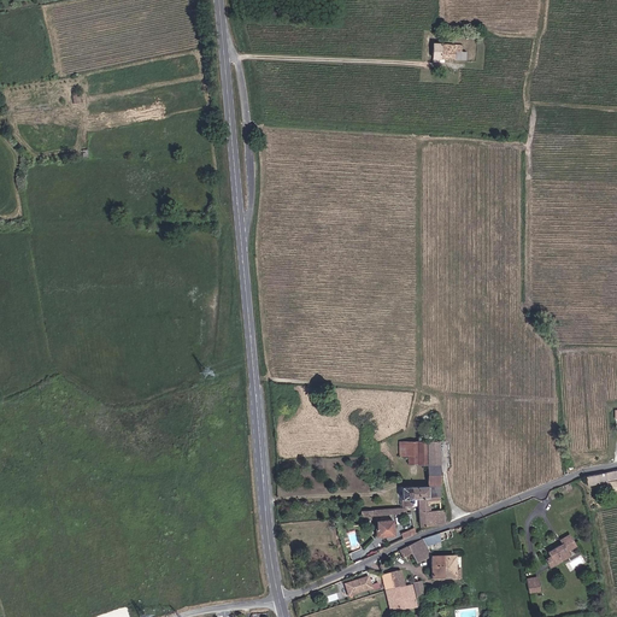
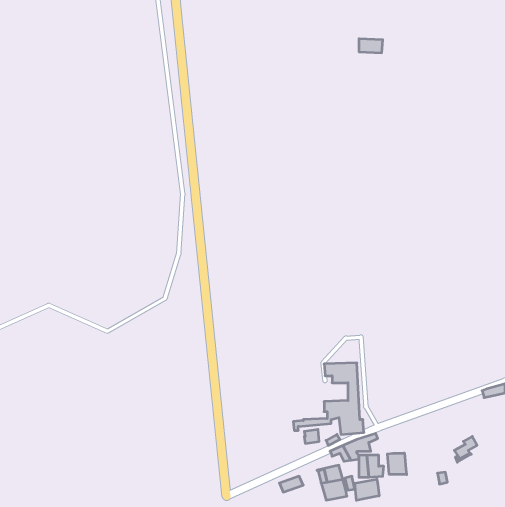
building: none -> [387,453,407,475]
building: none -> [355,479,379,500]

